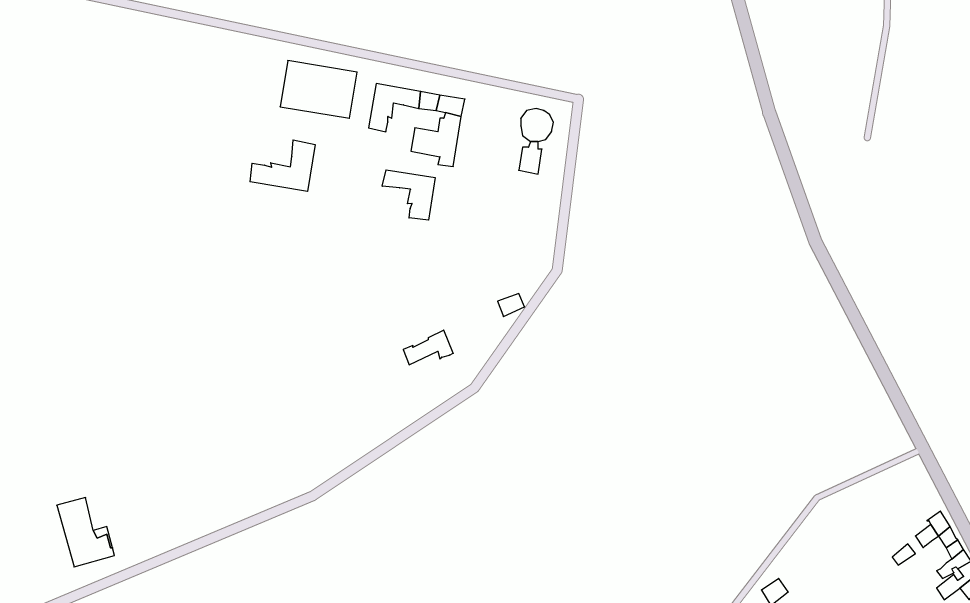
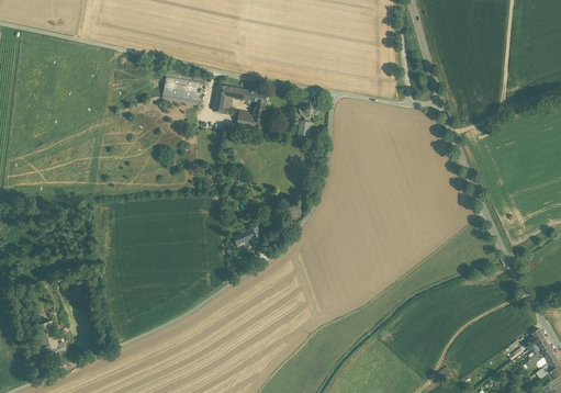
building: [250,140,315,191] -> none
building: [382,170,435,220] -> none

